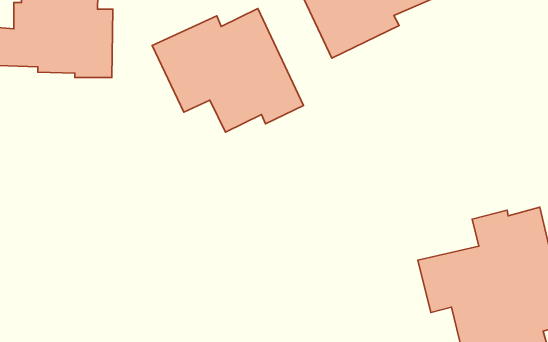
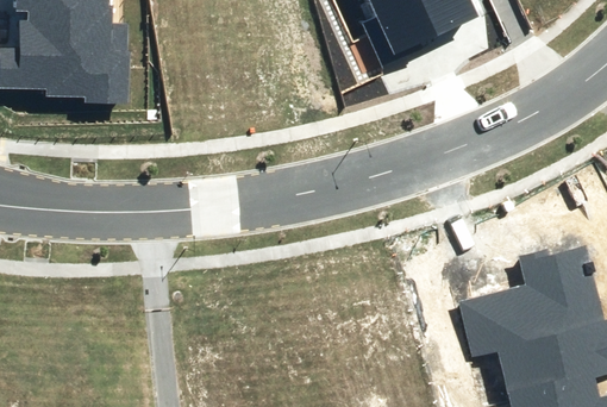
building: [152,8,303,132] -> none

